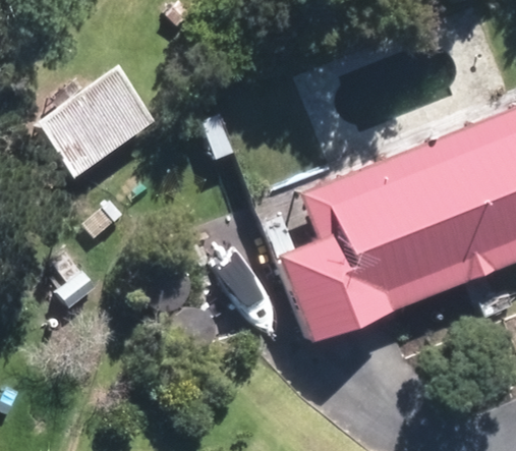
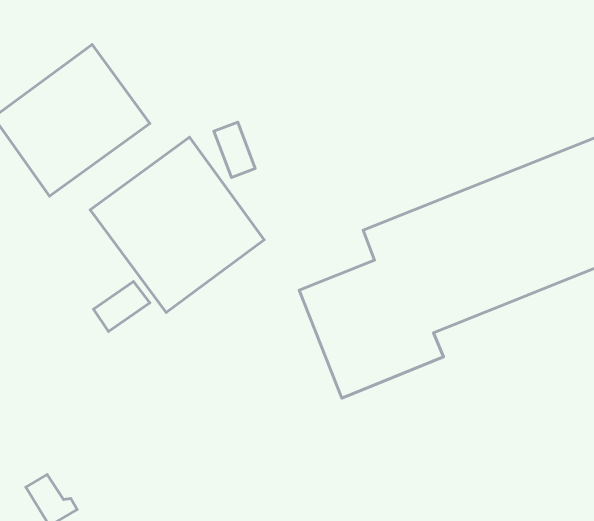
building: none -> [90,137,264,313]

